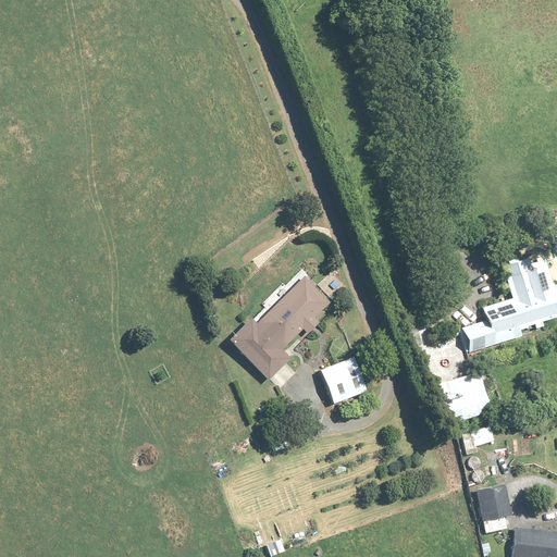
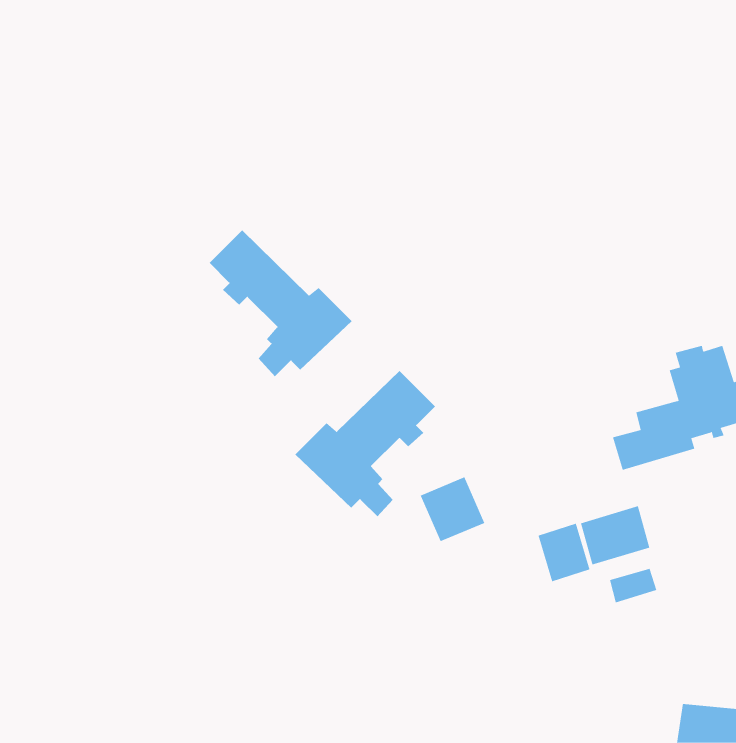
building: none -> [209,230,353,377]
building: none -> [538,523,590,582]
building: [476,483,513,531] -> none

